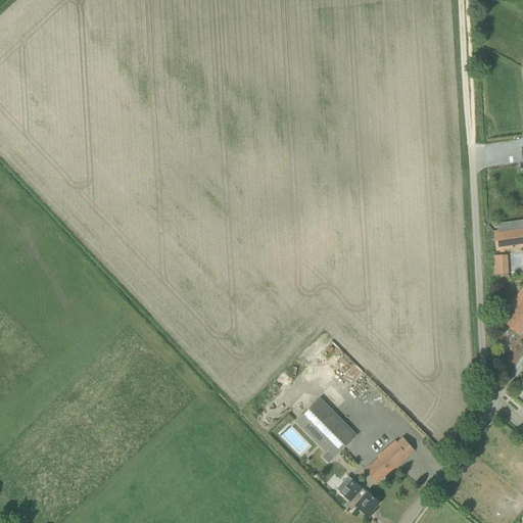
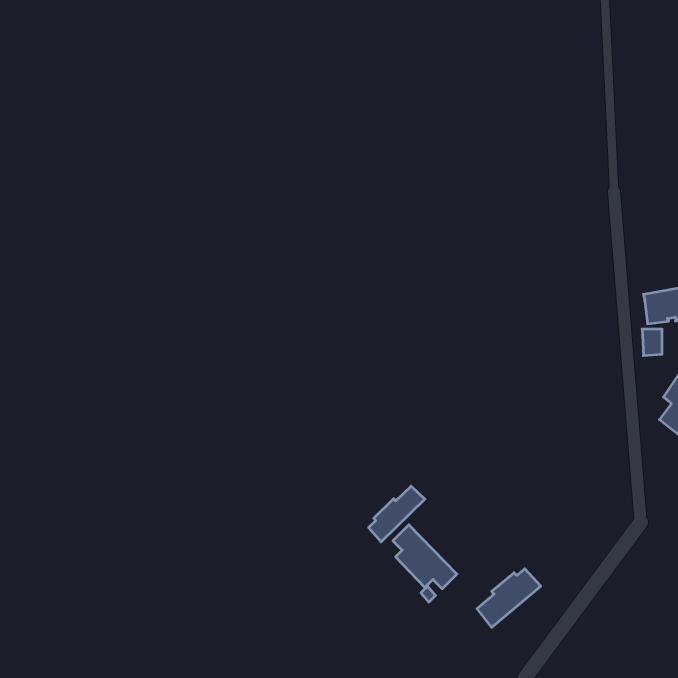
building: none -> [369,486,425,542]
building: [338,474,381,516] -> none

